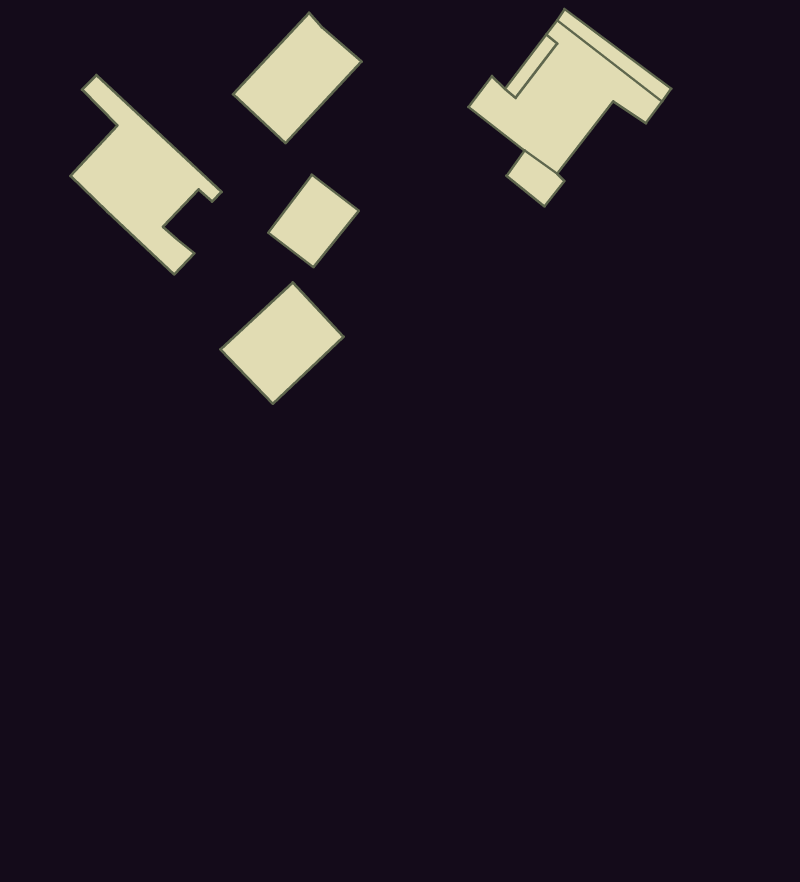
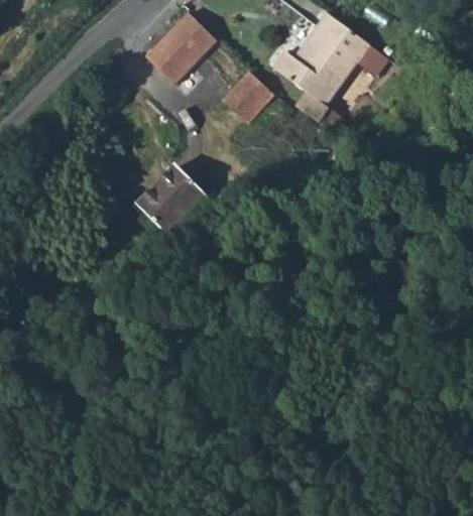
building: [70,75,222,274] -> none
building: [268,175,359,267] -> [224,73,274,124]

